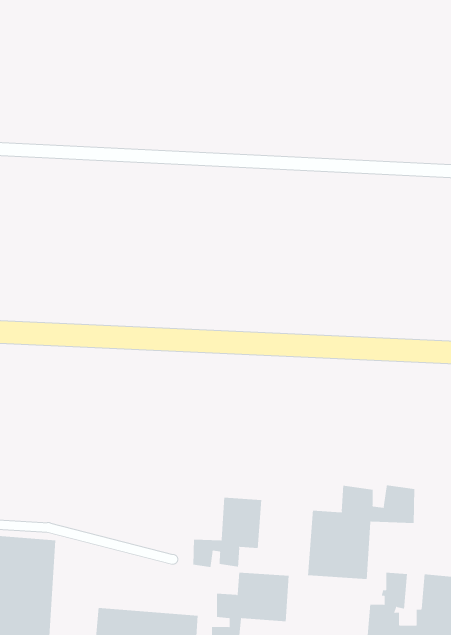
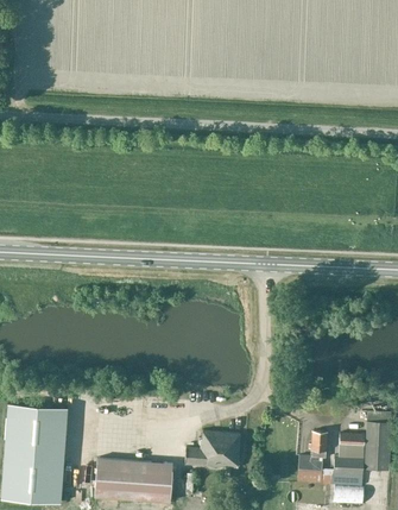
building: [308,485,415,580] -> none
building: [193,497,262,568] -> none

